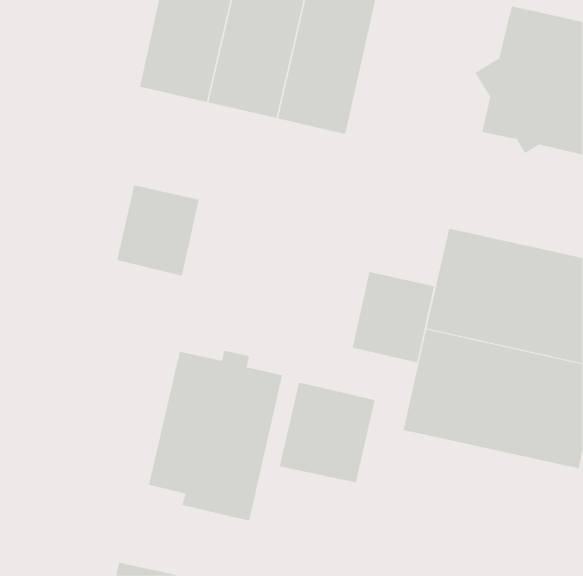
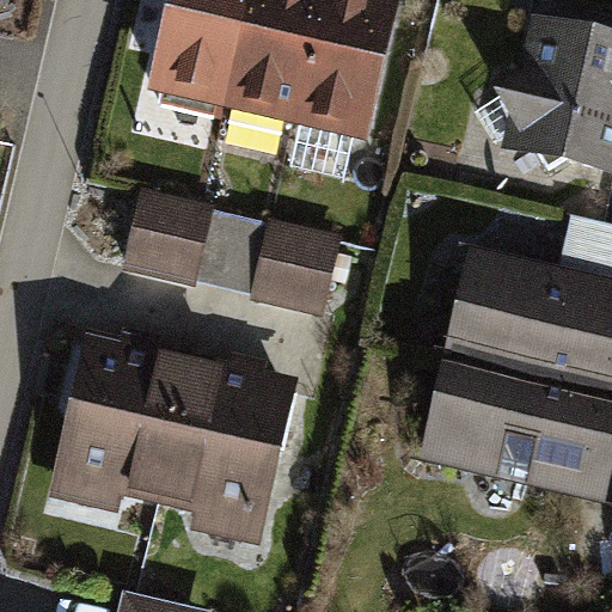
building: [352,271,435,363] -> [250,222,337,318]
building: none -> [45,341,188,513]
building: [279,382,375,483] -> none

